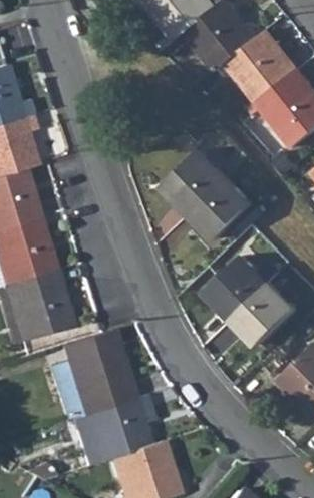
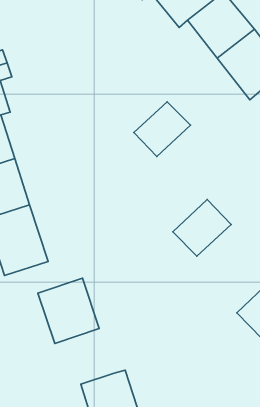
building: [193,178,255,240] -> none
building: [236,286,299,348] -> none
building: [82,398,146,462] -> none

